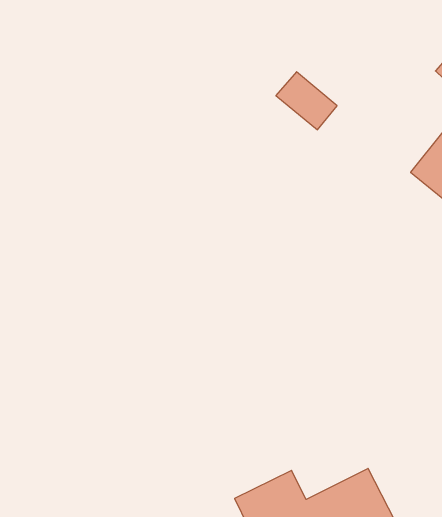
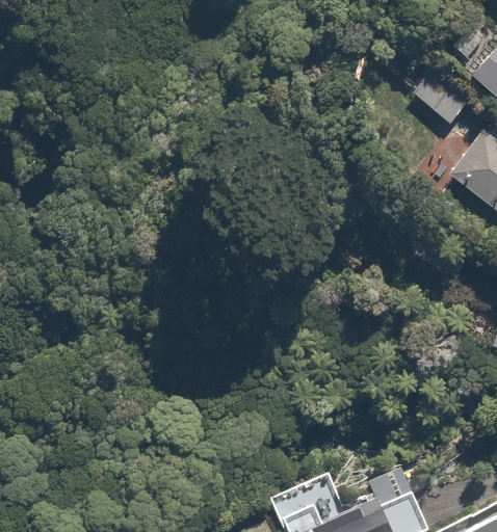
building: [276,72,337,130] -> [411,73,472,131]

